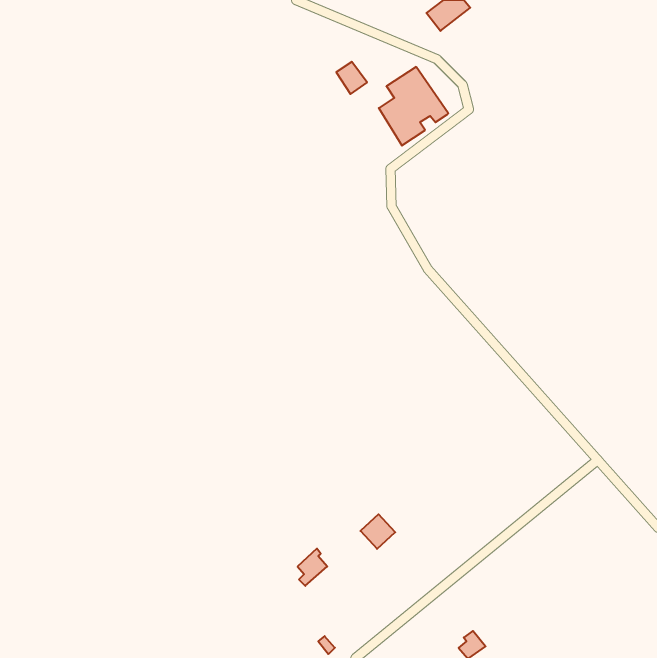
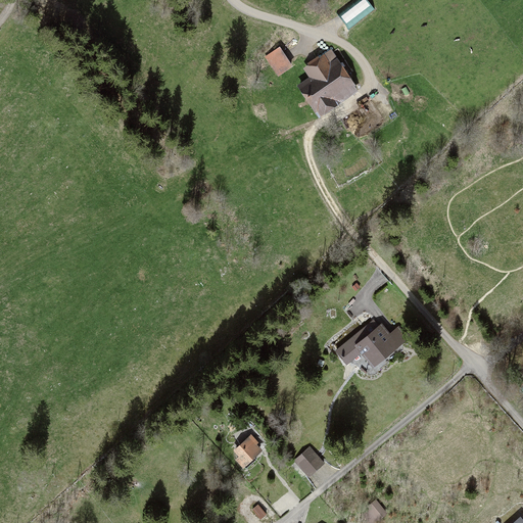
building: none -> [337,322,392,363]
building: [360,514,395,549] -> [296,447,324,475]

